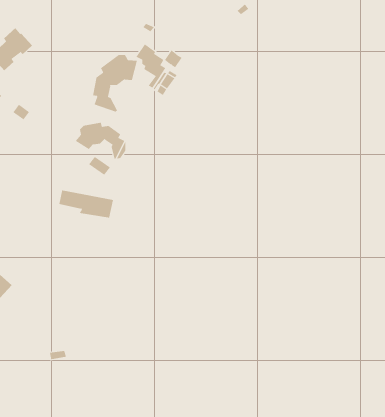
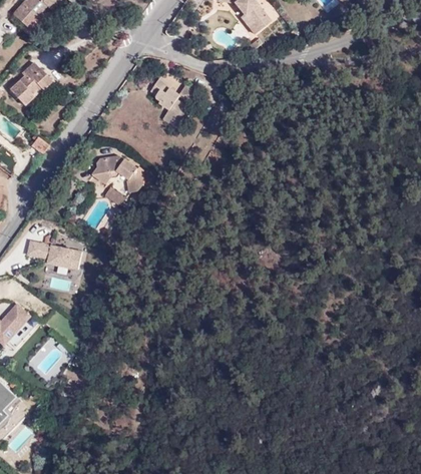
building: [93,54,137,113] -> none
building: [58,190,114,218] -> [25,240,79,268]

